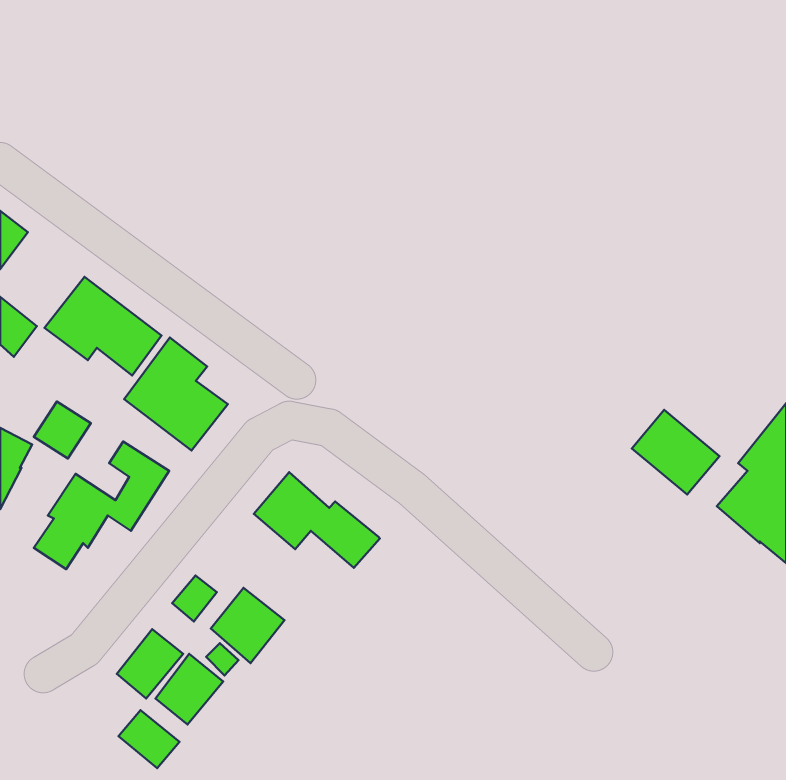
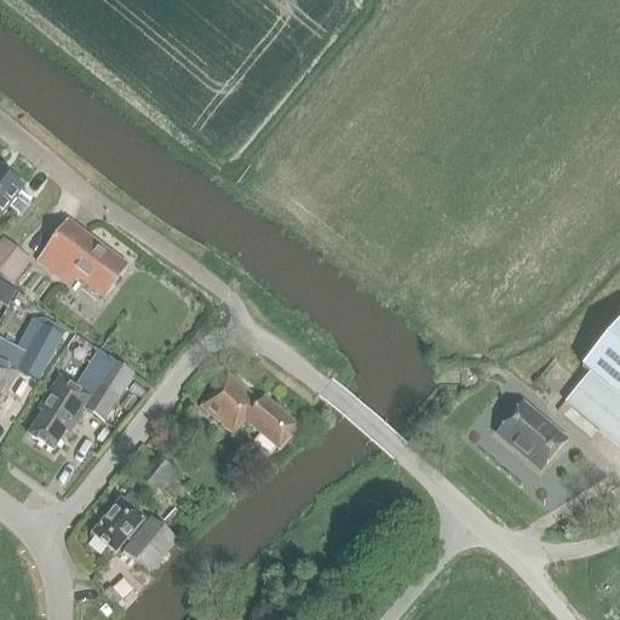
building: [124,338,228,451] -> none
building: [632,410,720,495] -> [496,401,566,467]
building: [211,588,285,663] -> none
building: [118,710,179,768] -> none

